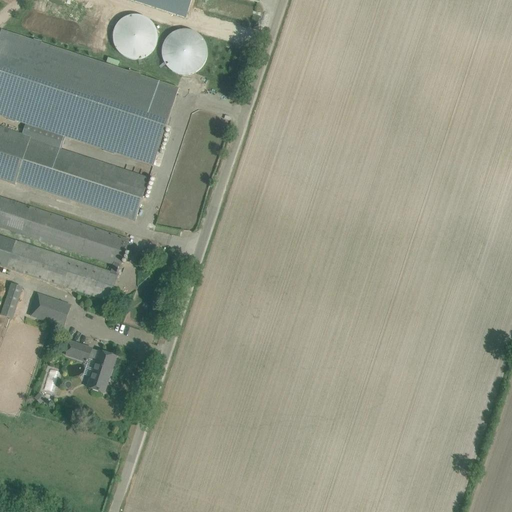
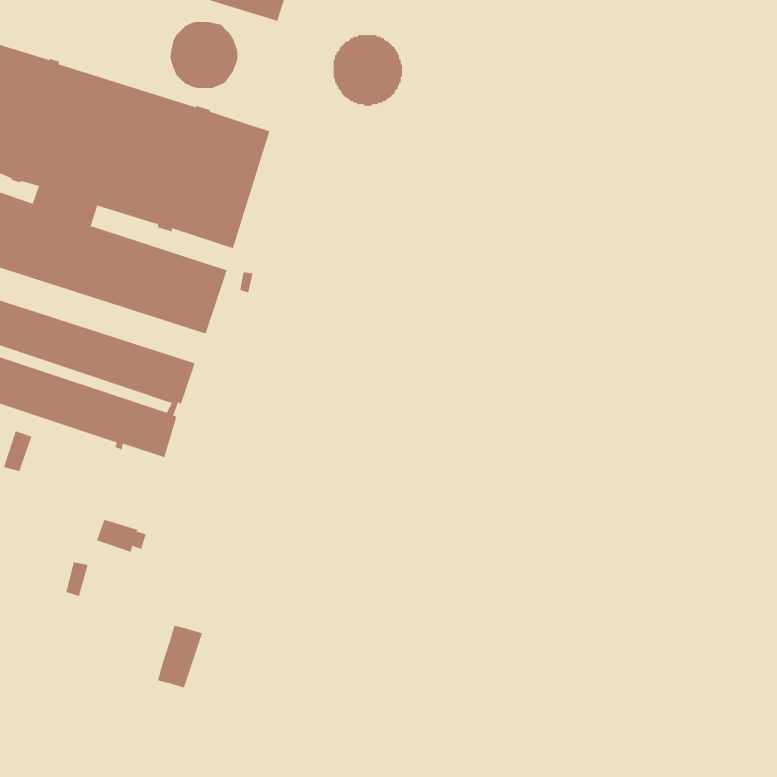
building: [160,27,206,74] -> [333,35,403,106]
building: [28,292,70,326] -> none
building: [85,350,115,391] -> [157,625,203,688]

